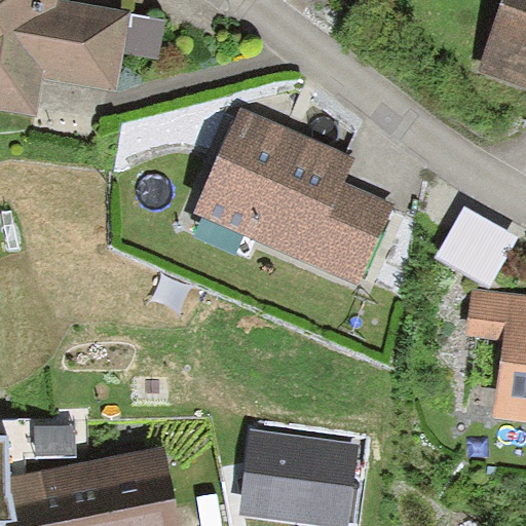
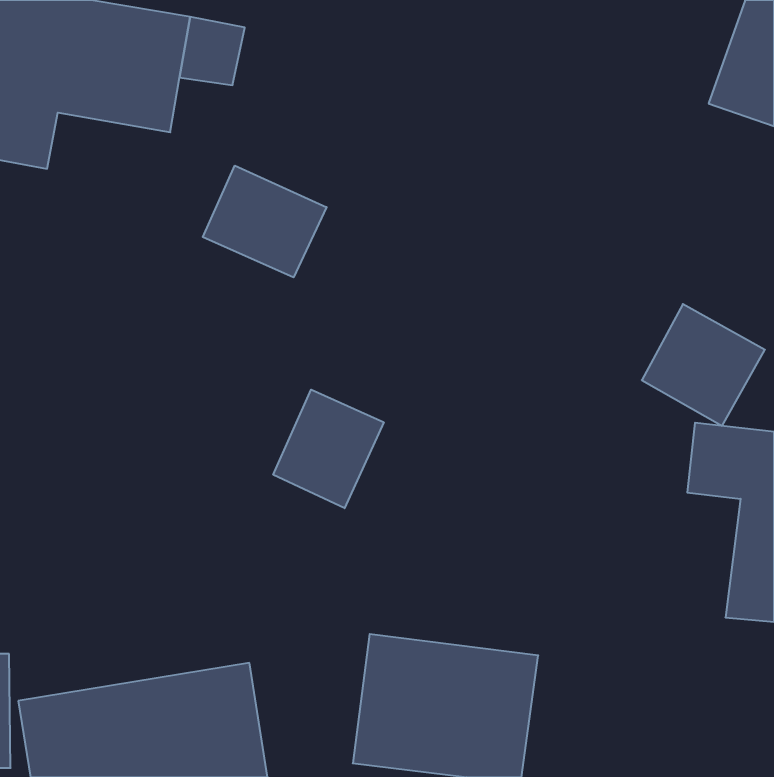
building: [193,104,394,287] -> none
building: none -> [203,166,327,277]
building: none -> [273,390,384,508]

